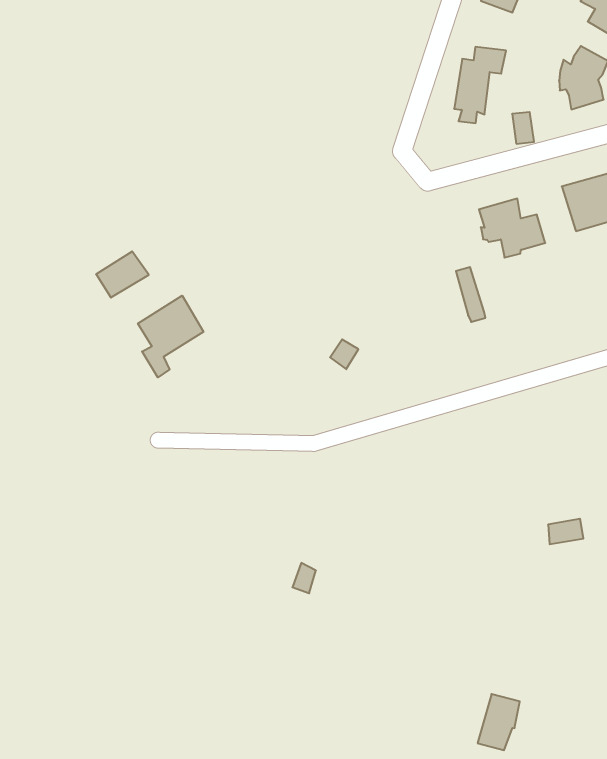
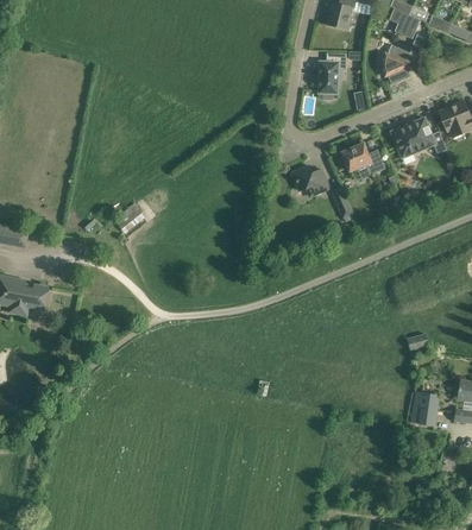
building: none -> [291,165,329,196]
building: [138,296,203,377] -> none
building: [478,694,520,750] -> [416,392,439,425]

